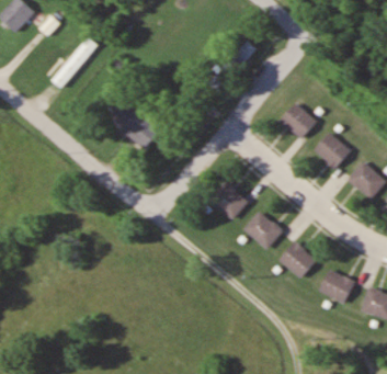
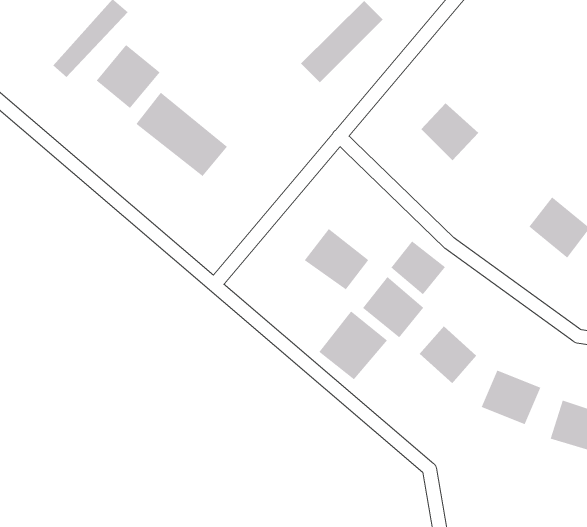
building: none -> [96,44,160,109]
building: [312,133,350,169] -> none
building: none -> [391,241,446,295]
building: none -> [318,310,388,380]

